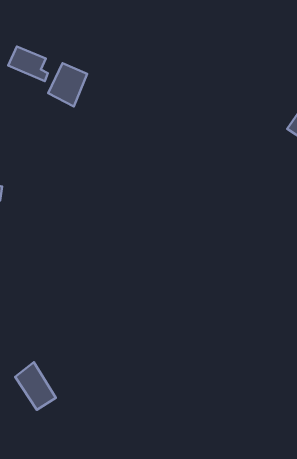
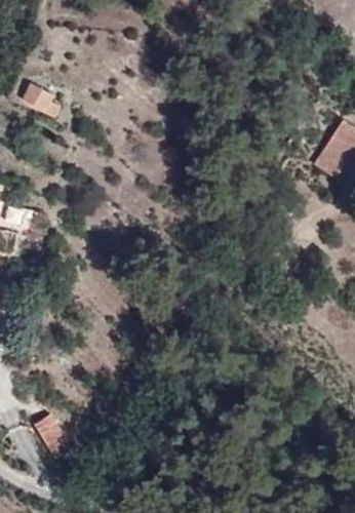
building: [48,63,87,106] -> none

